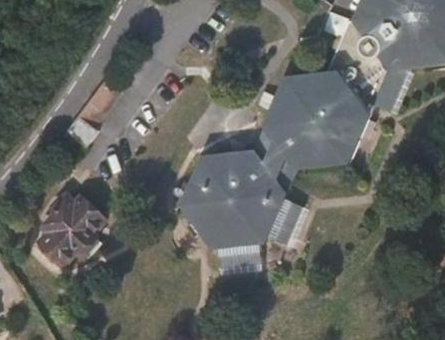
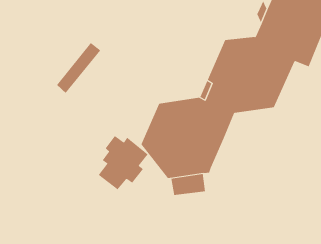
building: [47,197,110,265] -> [98,135,149,190]
building: [266,200,300,246] -> none

